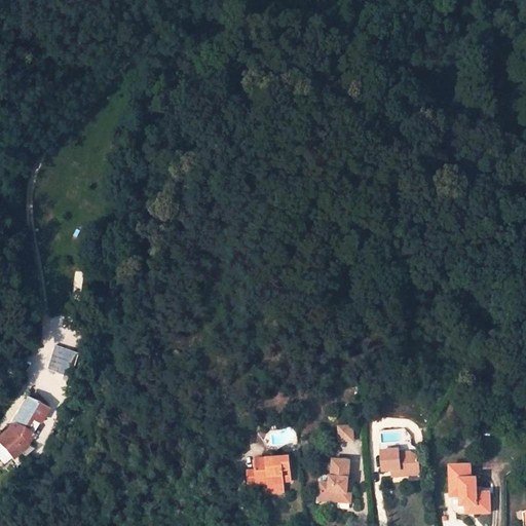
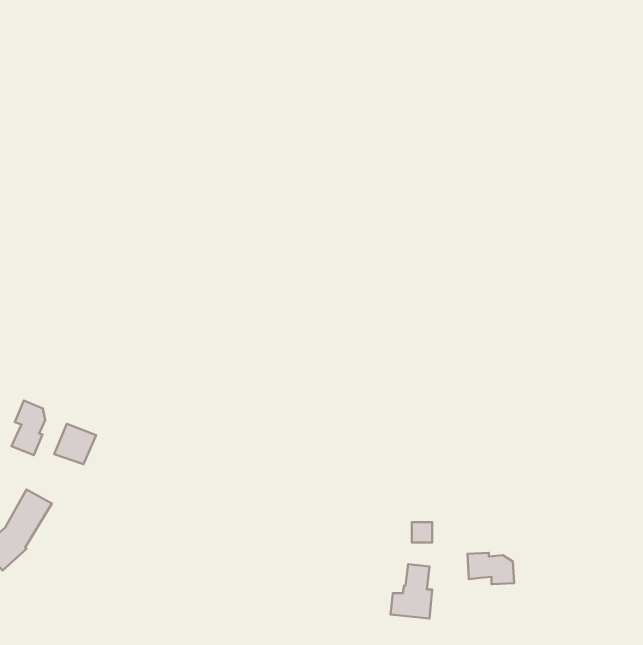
building: none -> [11,400,45,455]
building: [247,456,290,487] -> none
building: [448,463,489,513] -> none

